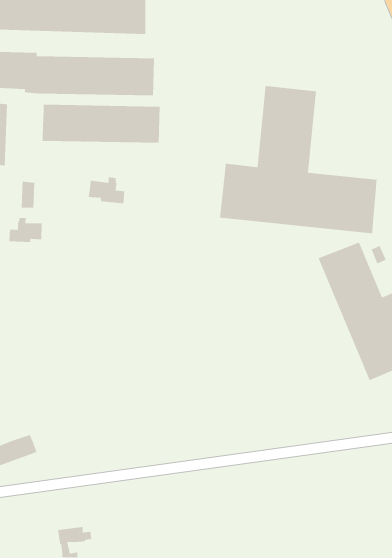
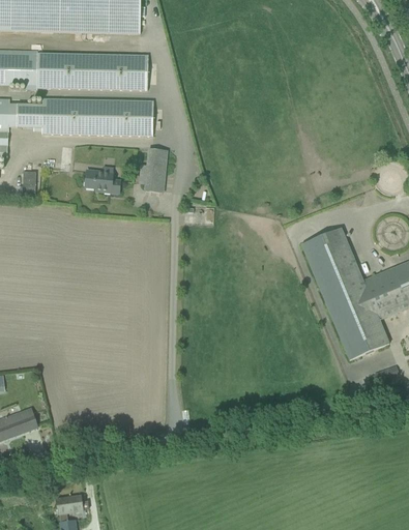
building: [219,85,378,234] -> none
building: none -> [14,102,41,127]
building: none -> [138,148,167,192]
building: [9,217,42,243] -> none

